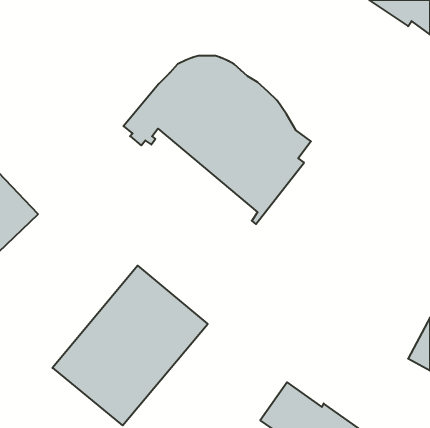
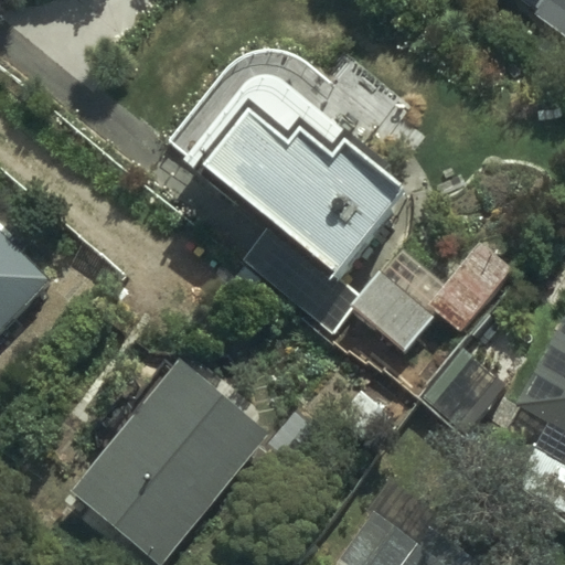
building: none -> [352,242,514,353]

